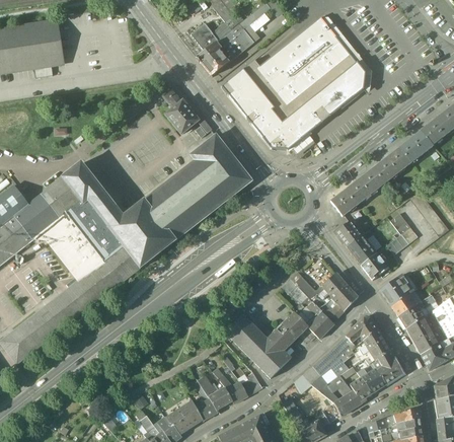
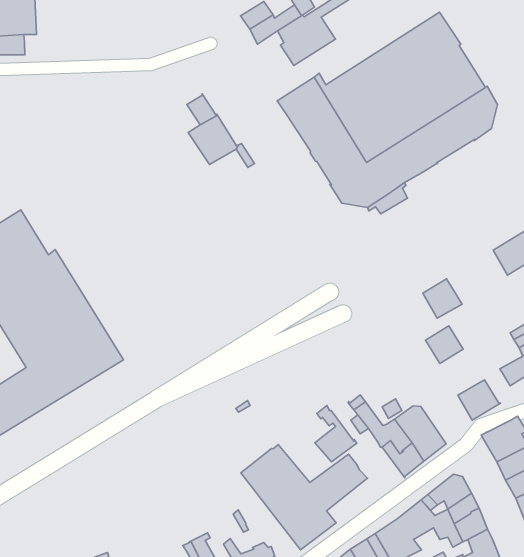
building: [197,41,229,76] -> none
building: [62,135,251,267] -> none
building: [345,167,384,205] -> none
building: [347,233,377,265] -> none
building: [306,301,334,338] -> [315,405,357,462]

